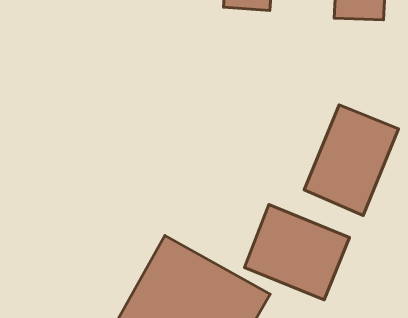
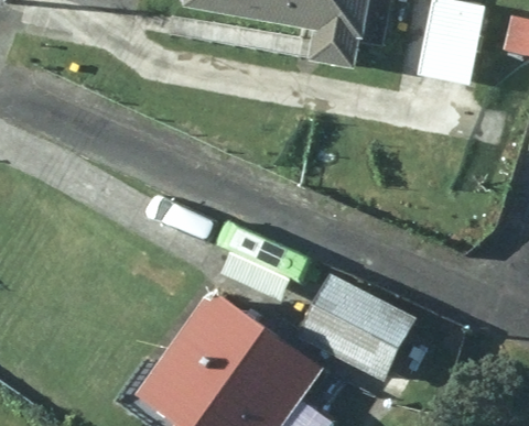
building: [304,105,399,215] -> none

